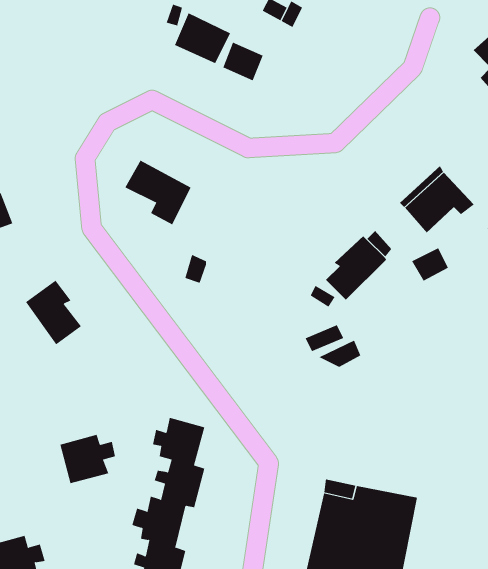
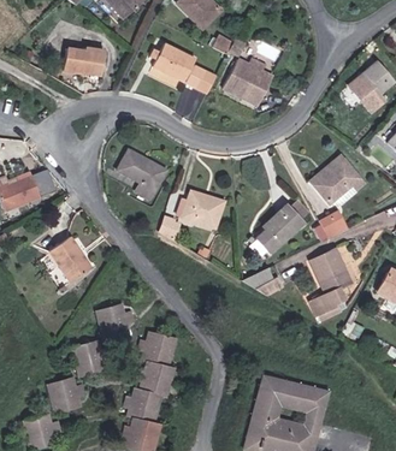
building: none -> [64,46,106,72]
building: none -> [225,59,273,105]
building: none -> [179,191,224,226]
building: none -> [313,248,350,315]
building: none -> [96,305,136,344]
building: none -> [49,380,89,414]

